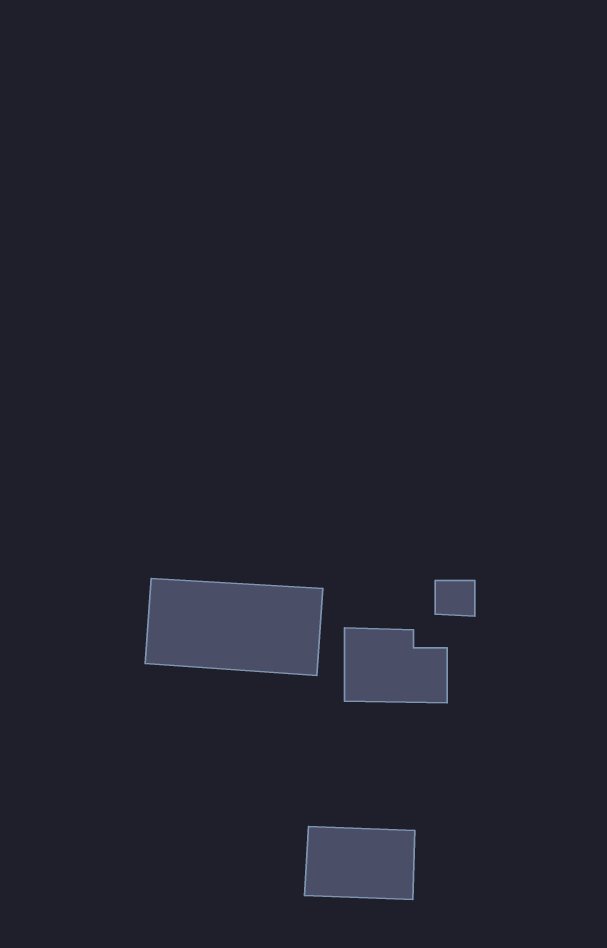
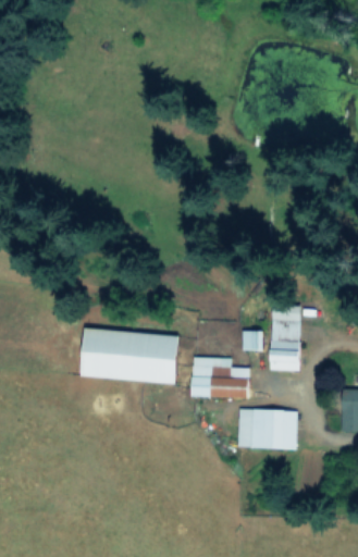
building: none -> [270,305,301,371]
building: [304,826,415,899] -> [236,409,297,449]

